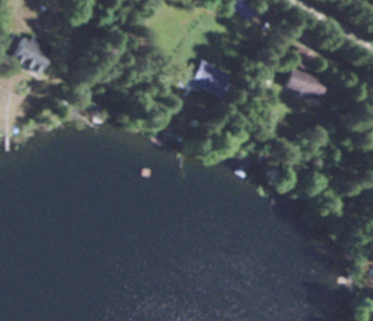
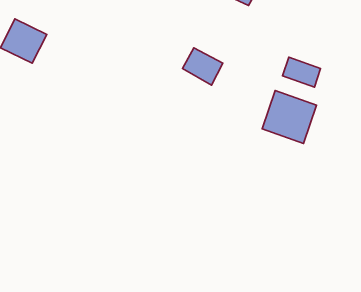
building: none -> [262,90,317,143]

